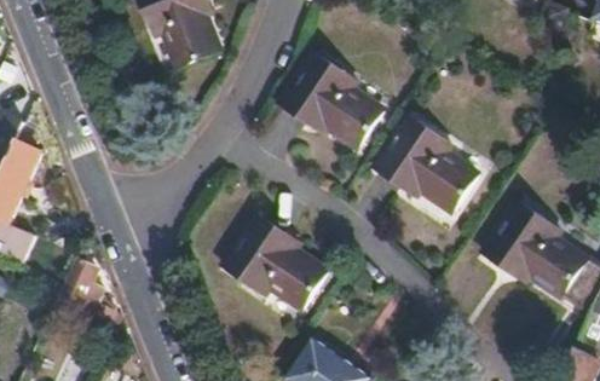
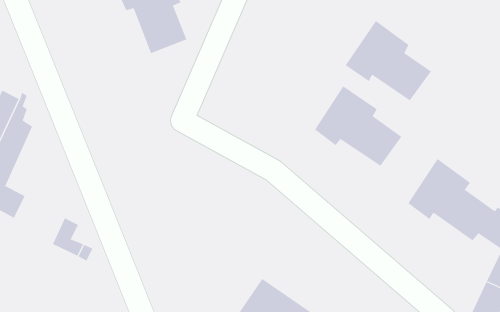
building: [283,48,386,144] -> [345,20,432,101]
building: [224,218,324,311] -> none

